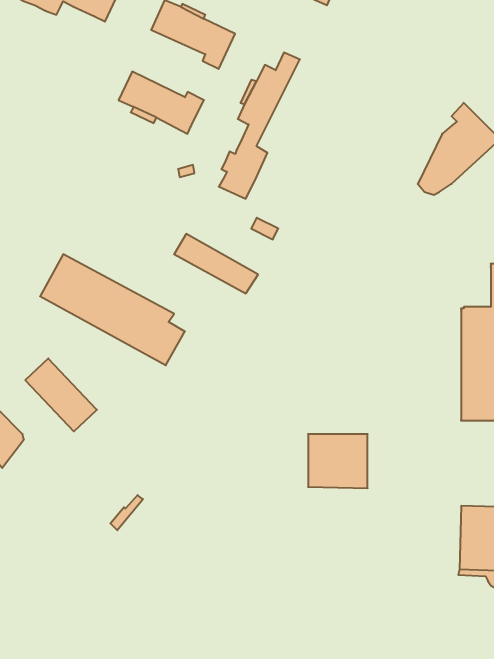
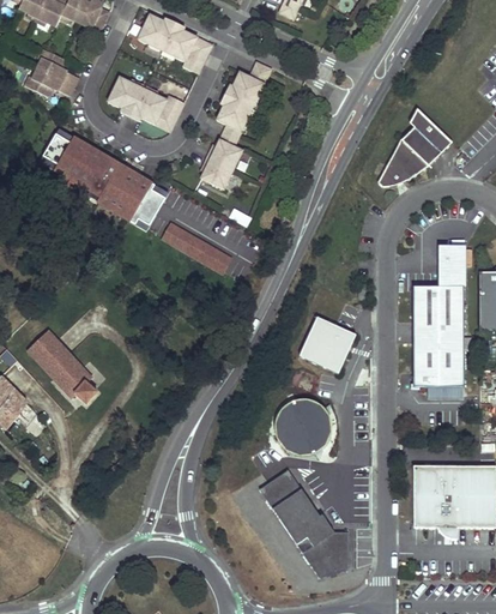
building: none -> [29,52,79,98]
building: [40,254,185,365] -> [38,131,167,229]
building: none -> [300,315,357,372]
building: none -> [260,469,350,577]

